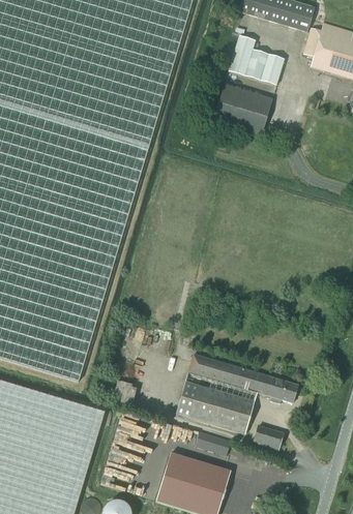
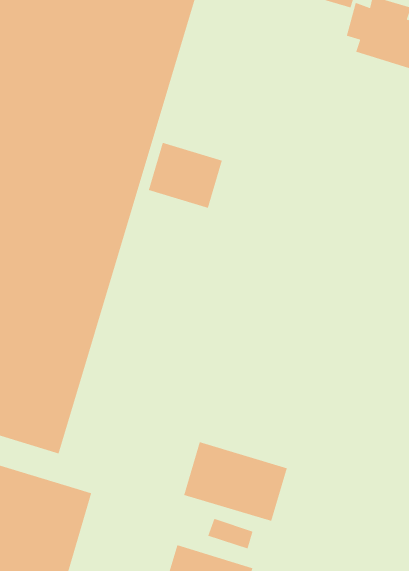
building: [228,35,284,85] -> none
building: [213,84,272,137] -> [148,142,223,209]
building: [187,354,297,402] -> none
building: [253,425,284,450] -> none

